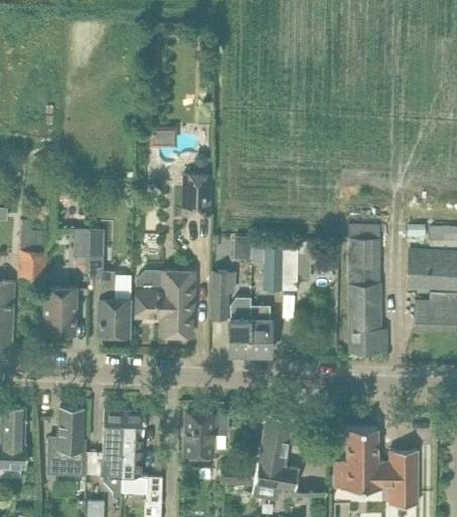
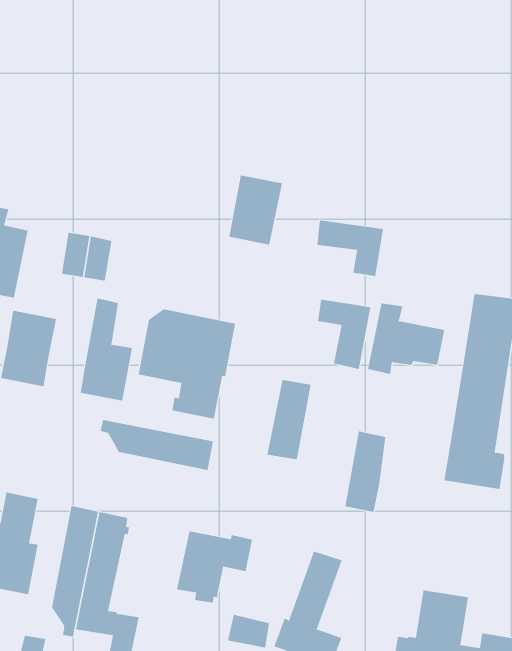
building: none -> [317,220,383,277]
building: [211,271,236,318] -> none
building: [250,304,271,356] -> [345,431,386,513]
building: none -> [100,419,213,471]

